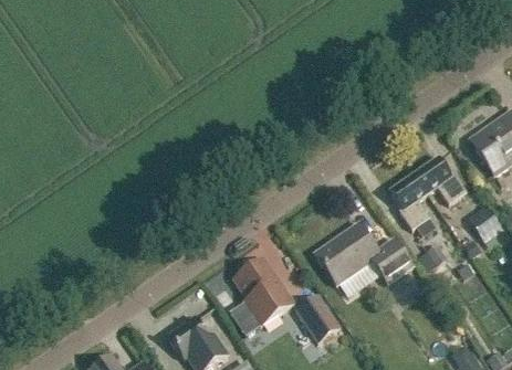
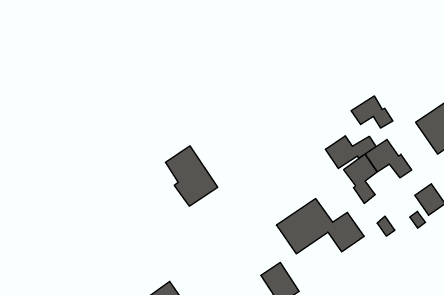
building: none -> [351,96,393,128]
building: none -> [325,136,376,169]
building: [234,257,293,325] -> [165,146,218,206]

